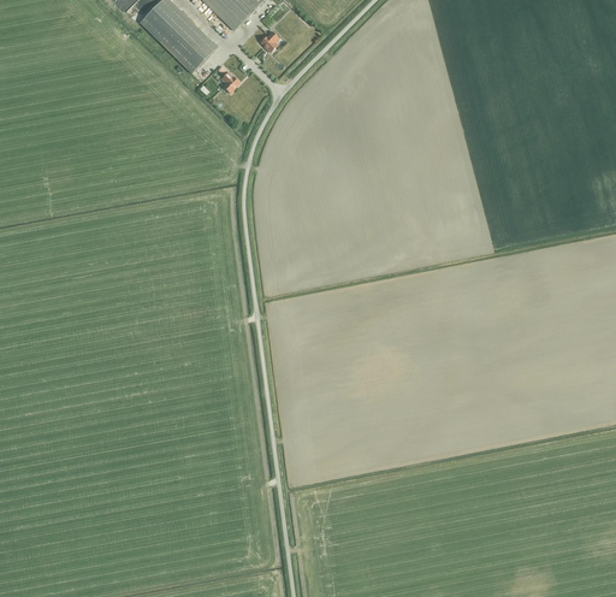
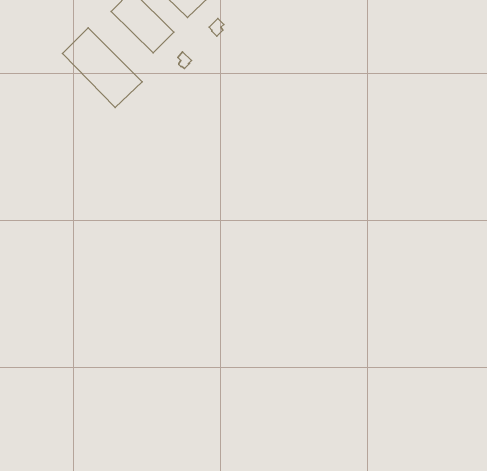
building: none -> [62,28,142,108]

